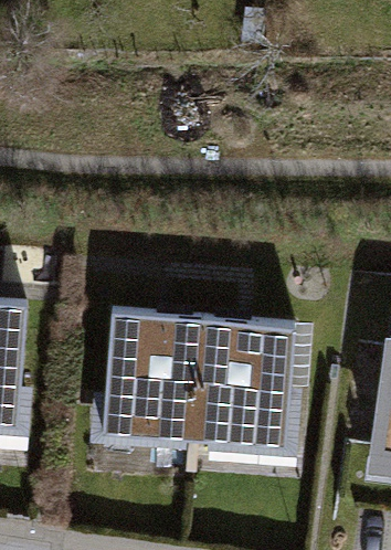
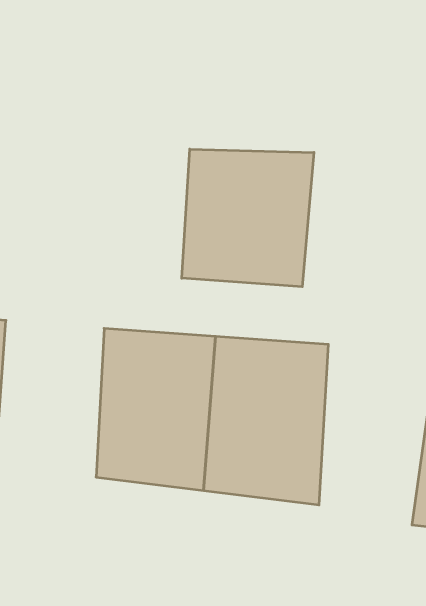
building: none -> [182,149,314,287]

